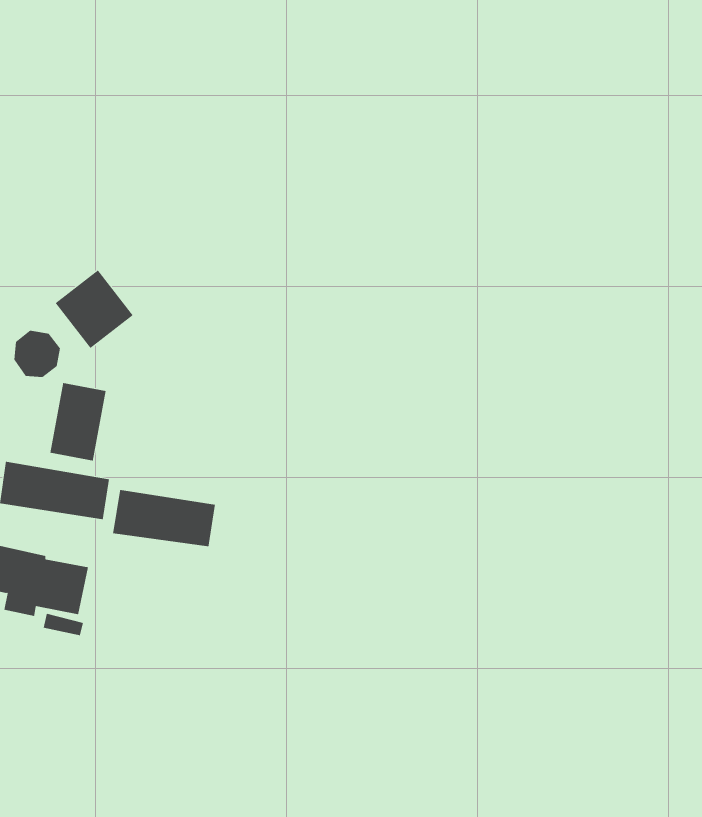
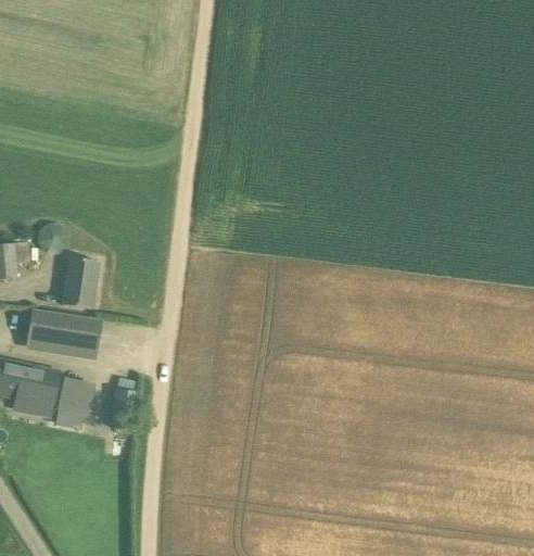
building: [55,269,134,349] -> none
building: [113,489,216,547] -> none

